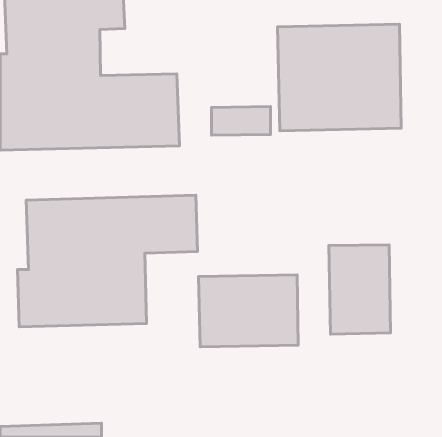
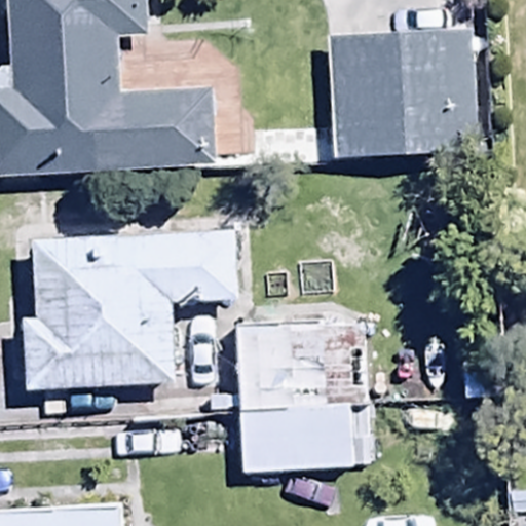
building: [329,245,391,334] -> none
building: none -> [238,409,355,474]

